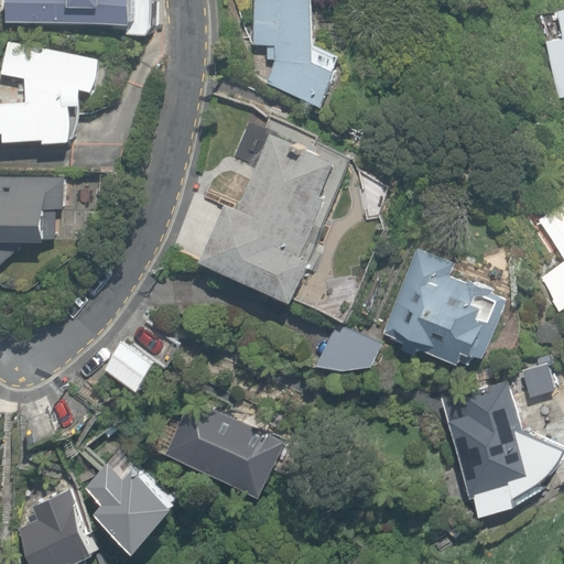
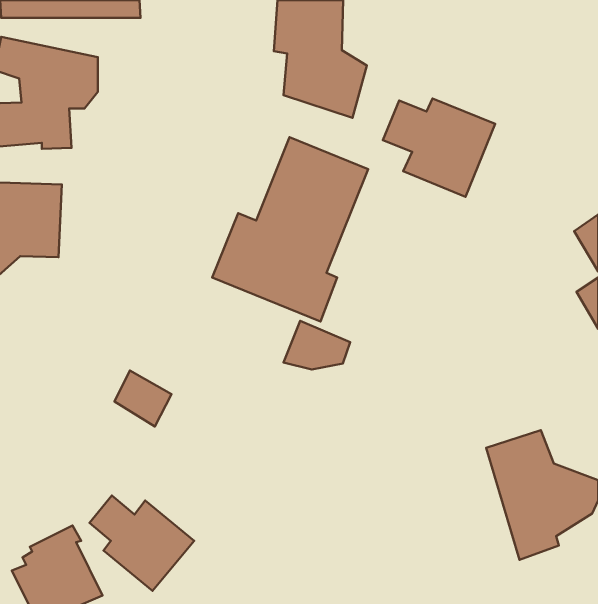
building: none -> [383,98,495,197]
building: [376,246,501,368] -> none
building: [319,328,381,373] -> [283,321,350,370]
building: [158,392,286,495] -> none

